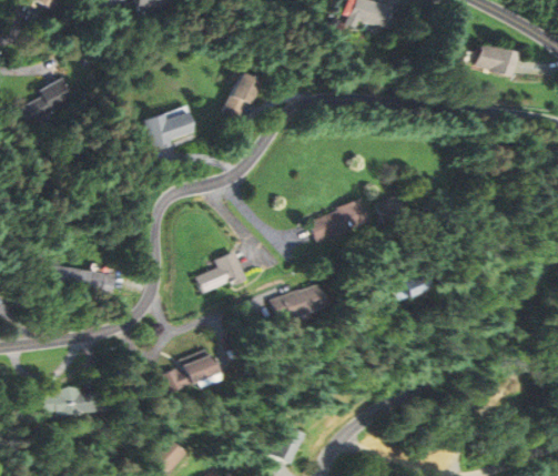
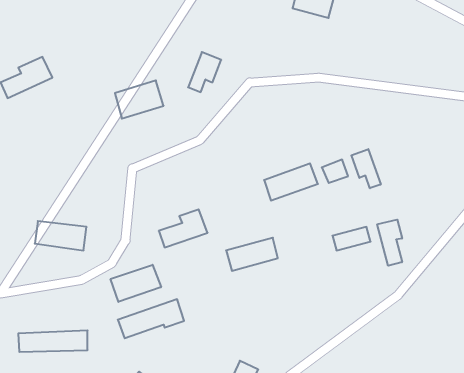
building: [475,44,517,79] -> none
building: none -> [351,149,381,188]
building: none -> [377,220,402,266]
building: none -> [111,265,161,302]

